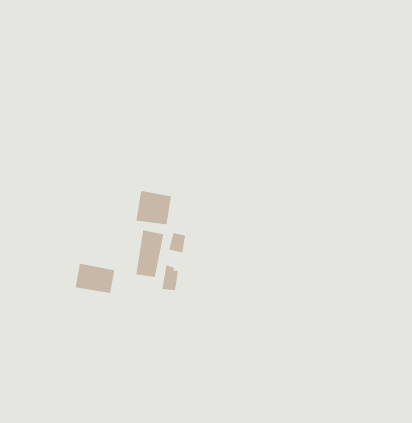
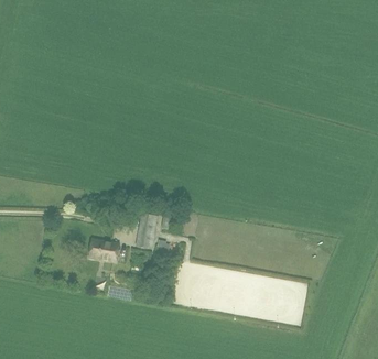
building: [136,190,171,225] -> none

